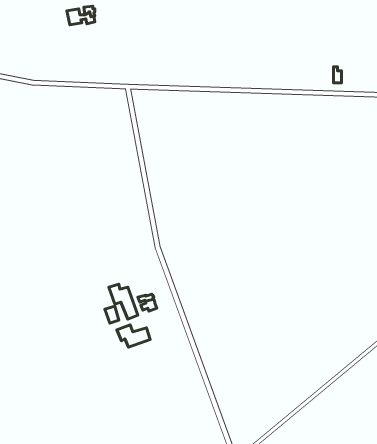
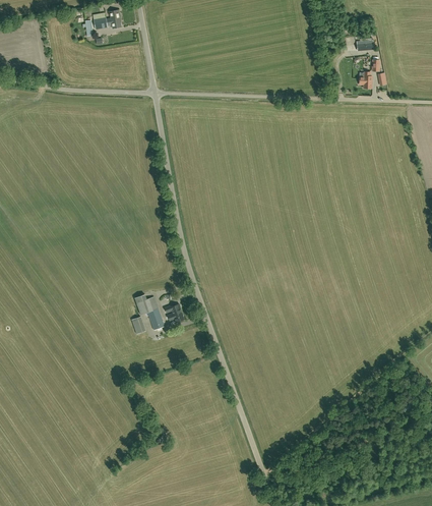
building: [117,325,150,347] -> none

